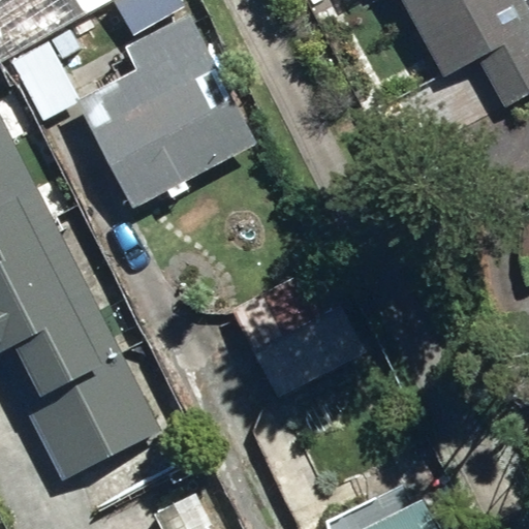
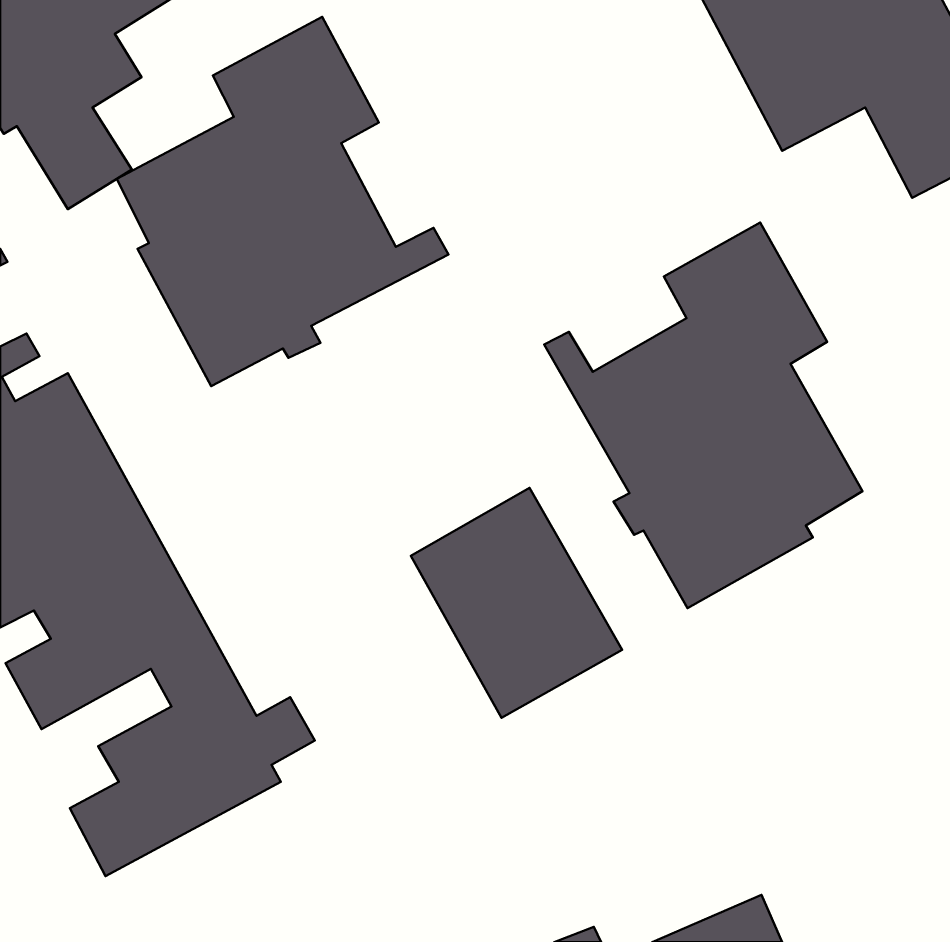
building: none -> [544,223,862,608]

